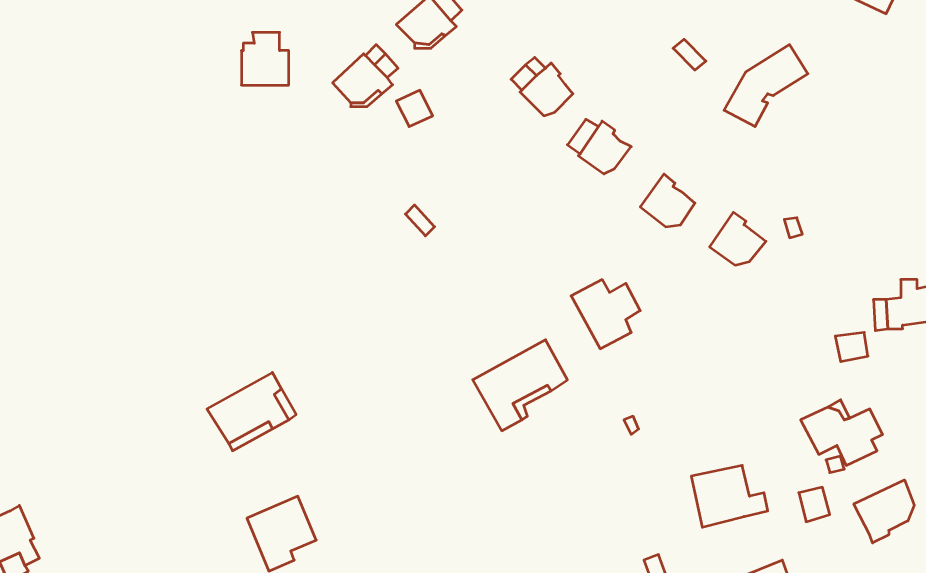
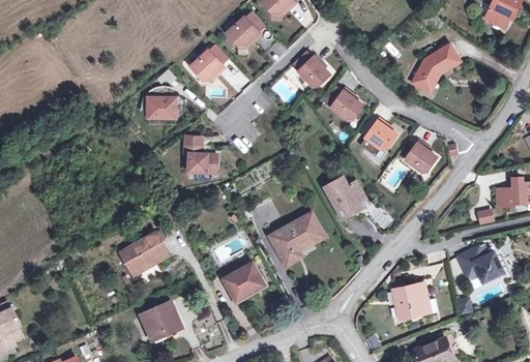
building: [241,32,289,85] -> [149,84,176,114]
building: none -> [183,135,216,173]
building: none -> [223,262,264,300]
building: [854,480,914,543] -> none

